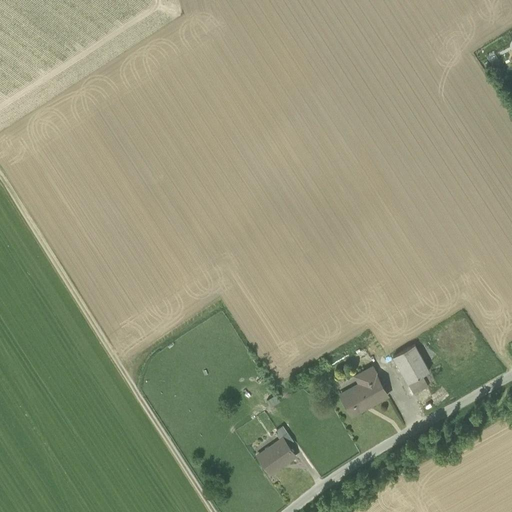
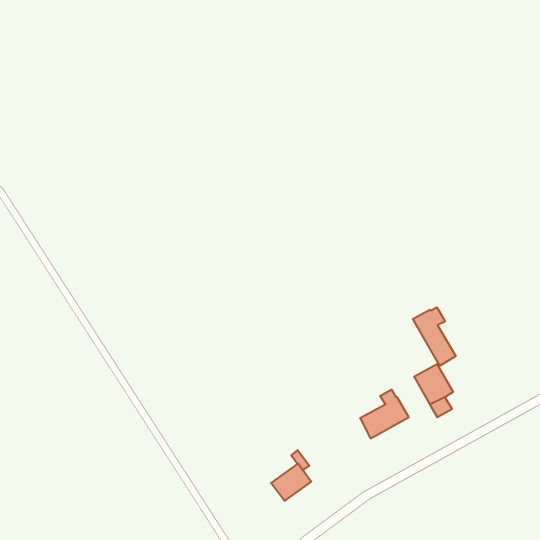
building: none -> [413,307,456,366]

